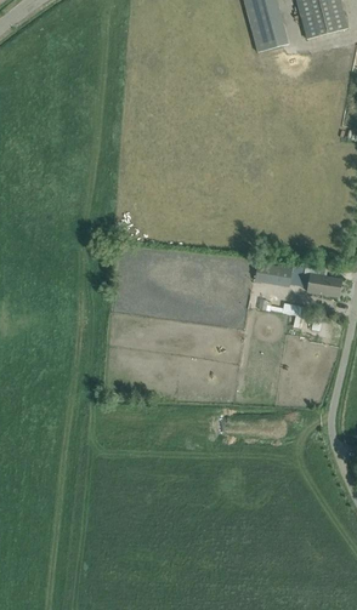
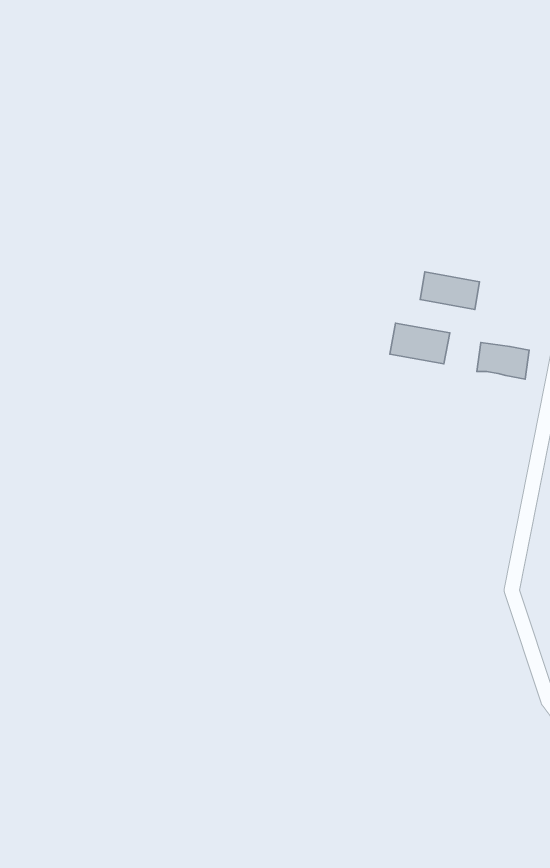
building: none -> [420,272,480,309]

